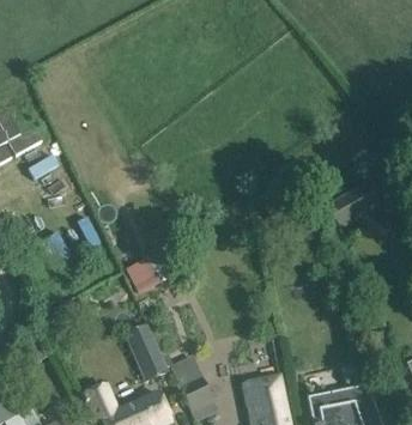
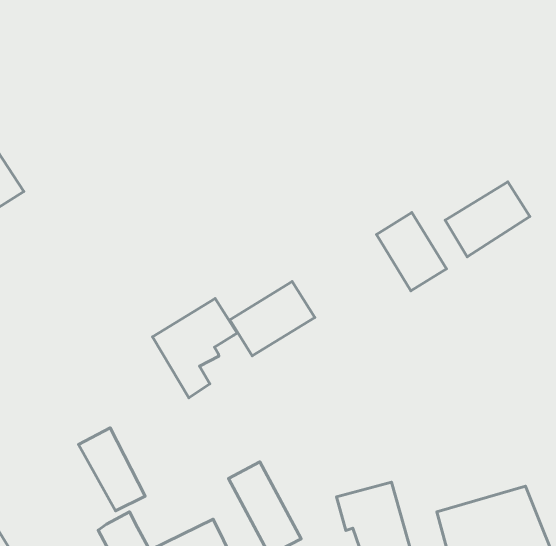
building: none -> [376,213,446,291]
building: none -> [230,282,315,356]
building: [125,323,166,378] -> [79,428,145,511]

